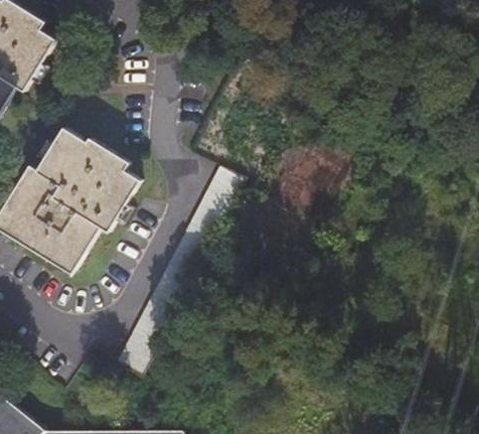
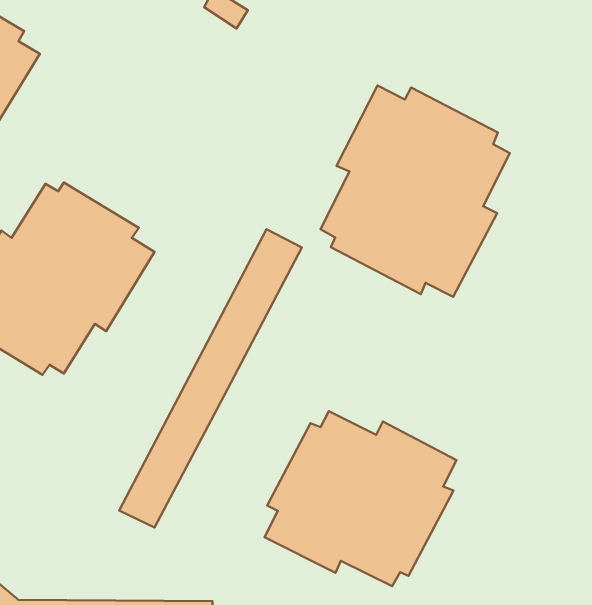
building: none -> [321,85,510,297]
building: none -> [265,411,457,586]

